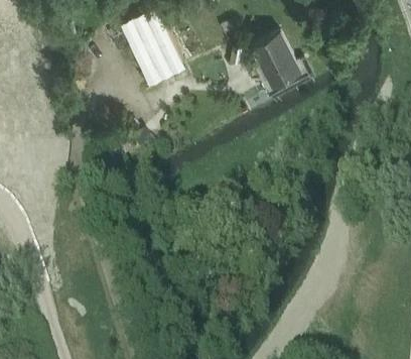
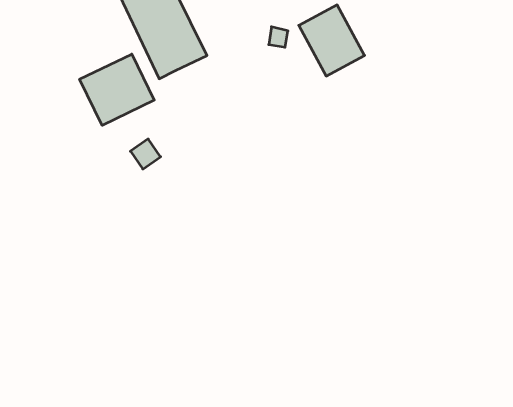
building: none -> [80,54,154,125]

